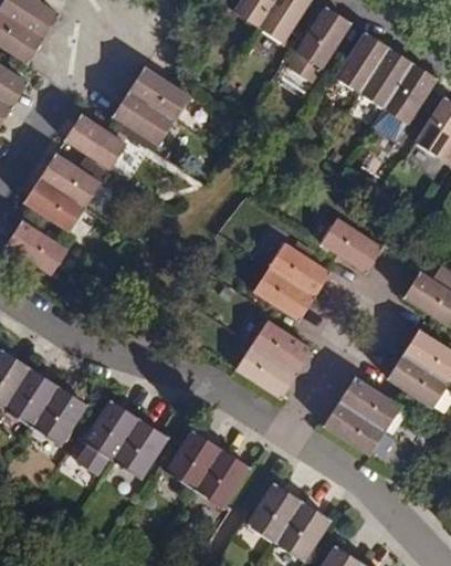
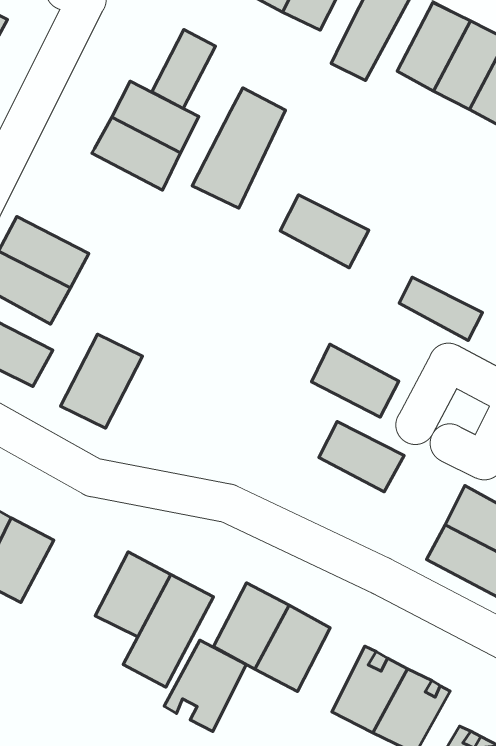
building: none -> [152,29,215,109]
building: none -> [192,88,285,208]
building: [64,114,129,171] -> none
building: [268,242,331,297] -> [280,195,369,268]
building: none -> [61,334,142,428]
building: [235,346,296,399] -> none
building: [31,387,87,448] -> none
building: none -> [164,640,246,731]

